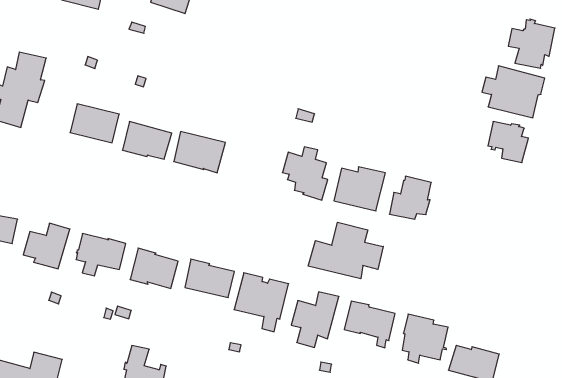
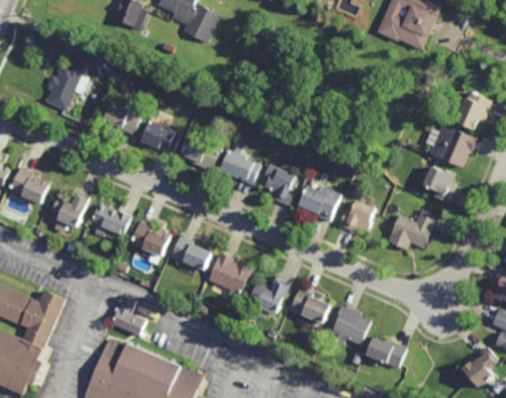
building: none -> [218,151,261,185]
building: none -> [386,208,435,248]
building: [308,222,383,279] -> none

